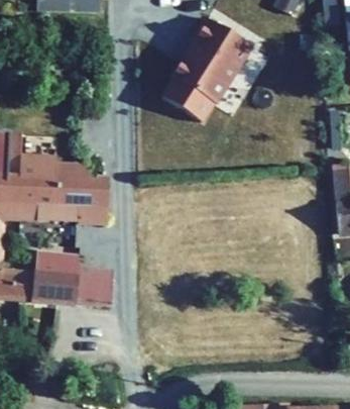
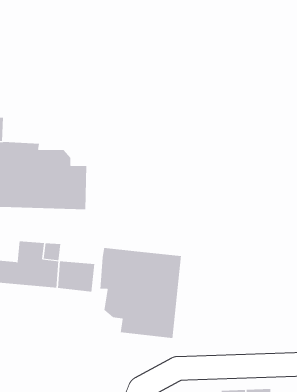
building: [161,17,252,121] -> none
building: none -> [100,247,182,339]

